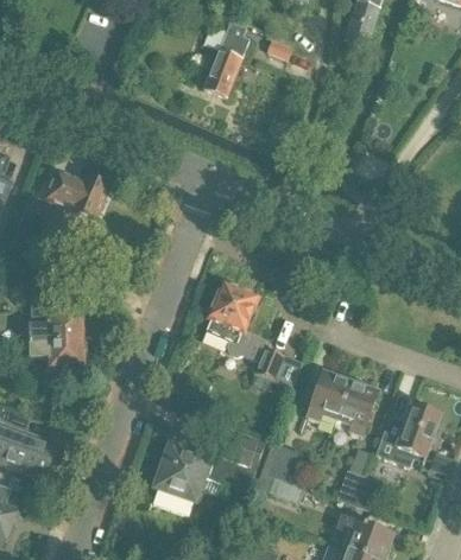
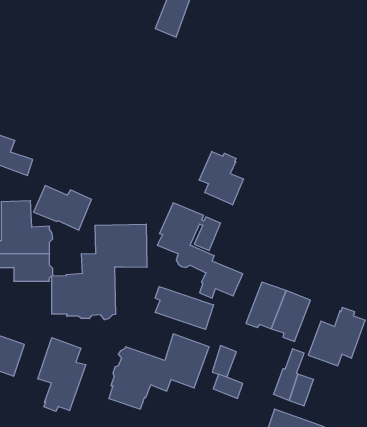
building: [44,170,109,219] -> [34,186,92,230]
building: none -> [199,151,243,205]
building: none -> [52,224,147,320]
building: none -> [155,287,214,329]
building: none -> [38,338,86,411]

